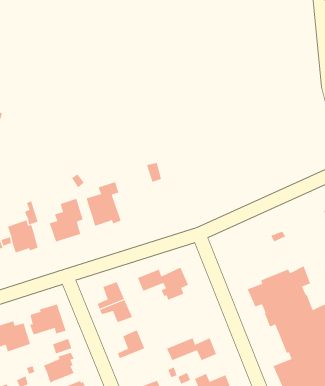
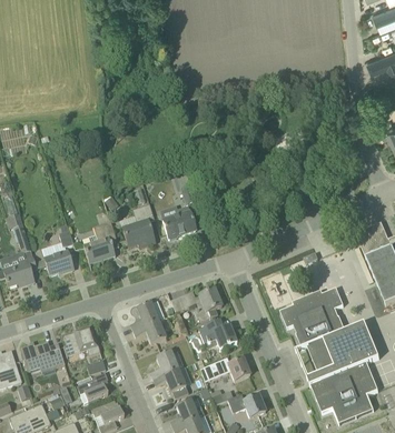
building: none -> [160,205,197,240]
building: none -> [199,321,238,351]
building: none -> [154,370,189,400]

